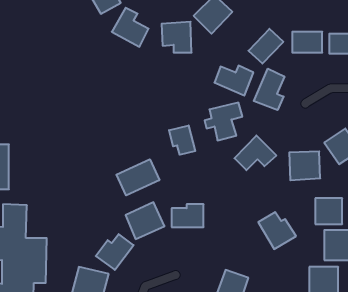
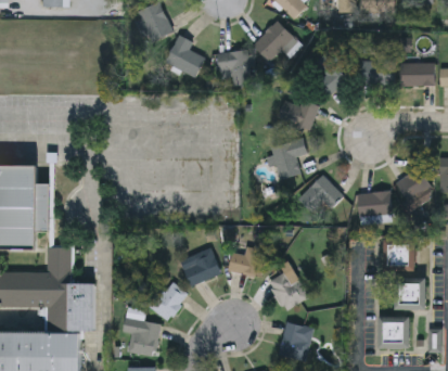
building: [254,69,284,110] -> none
building: [169,125,195,155] -> none
building: [116,159,159,195] -> none
building: [258,212,296,249] -> [267,270,308,310]

